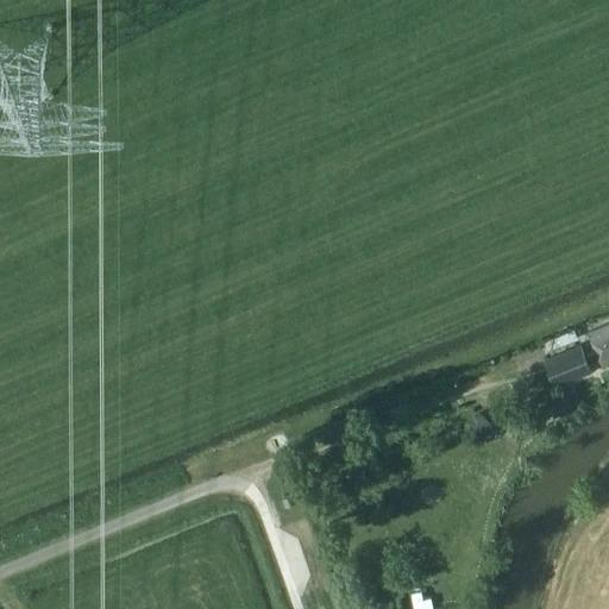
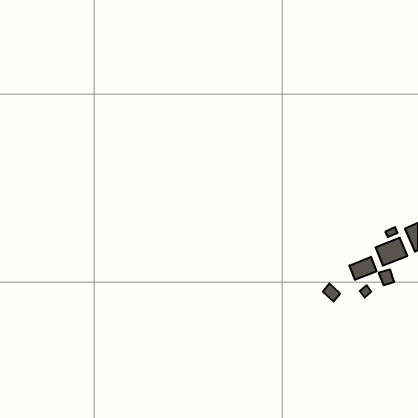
building: none -> [349,257,377,280]

